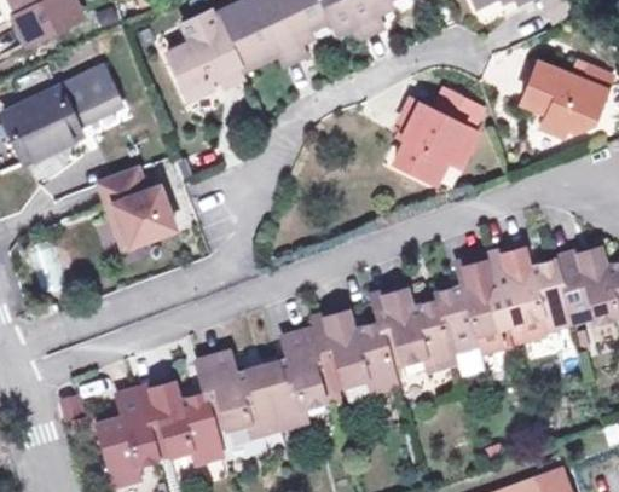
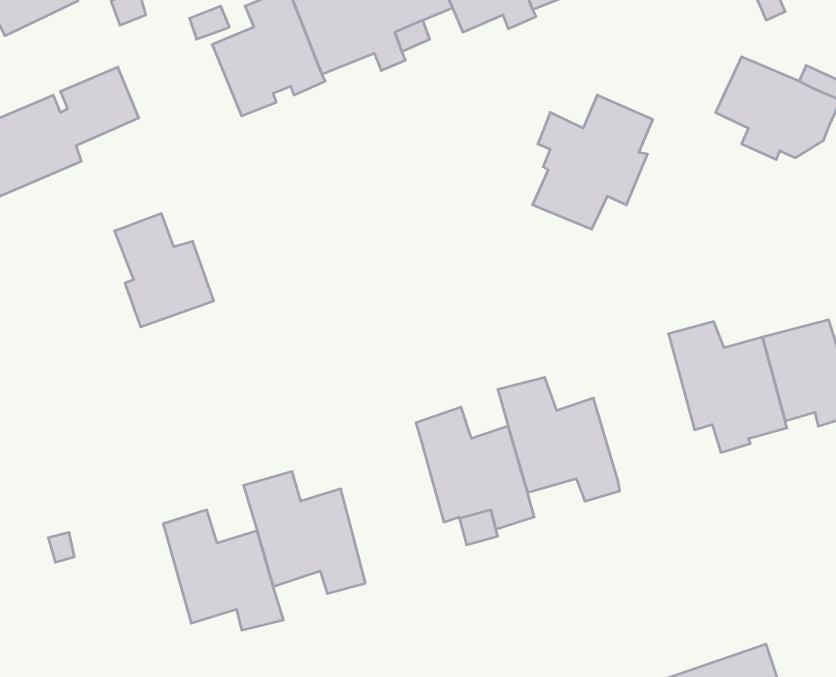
building: [434,254,507,355] -> none
building: [261,324,336,427] -> none
building: [94,386,157,484] -> none

